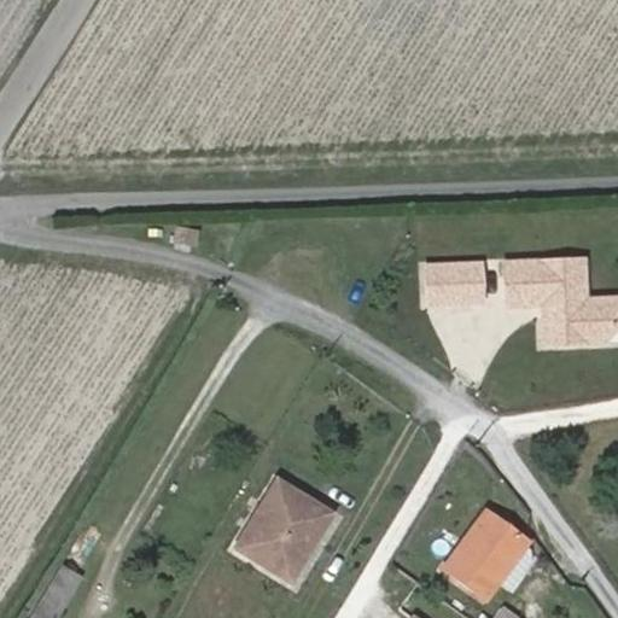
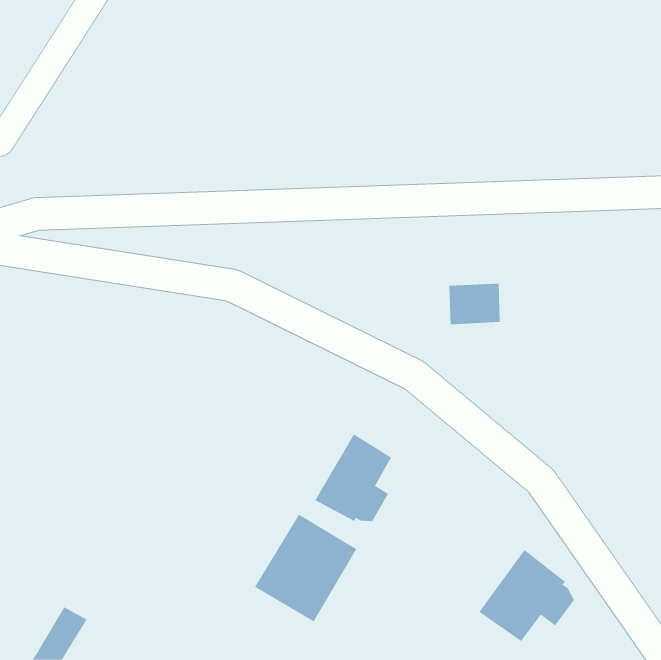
building: [492,260,604,343] -> none
building: none -> [314,433,392,522]

